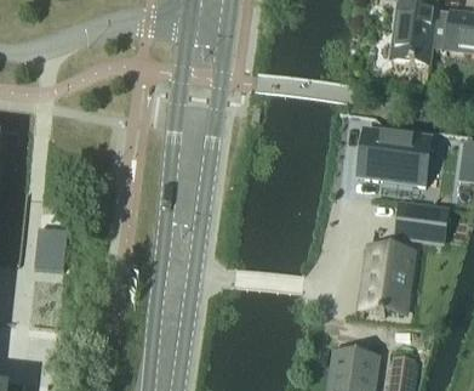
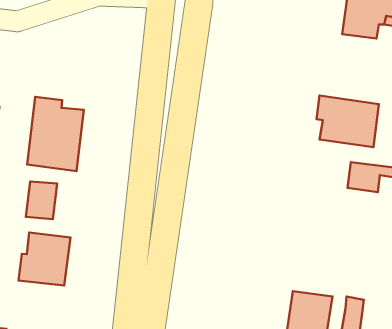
building: none -> [27,97,84,171]
building: [365,244,412,313] -> none
building: none -> [19,232,71,286]

